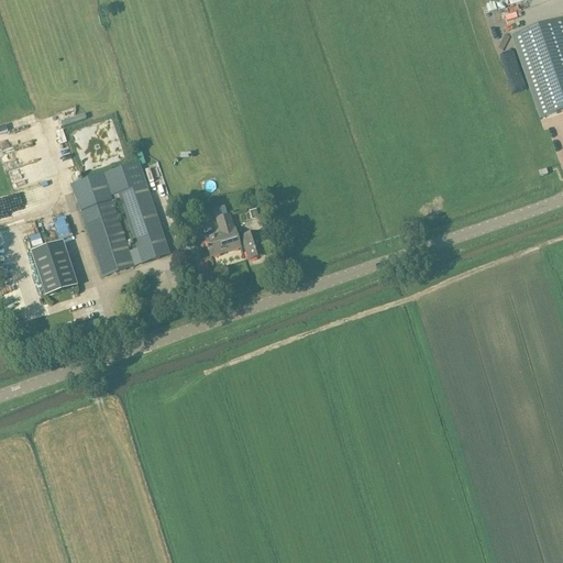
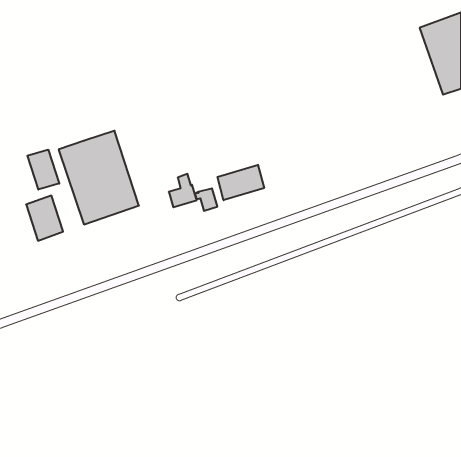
building: none -> [27,150,59,190]
building: none -> [217,165,264,200]

